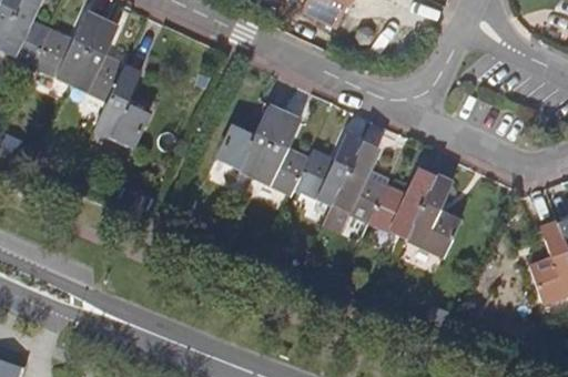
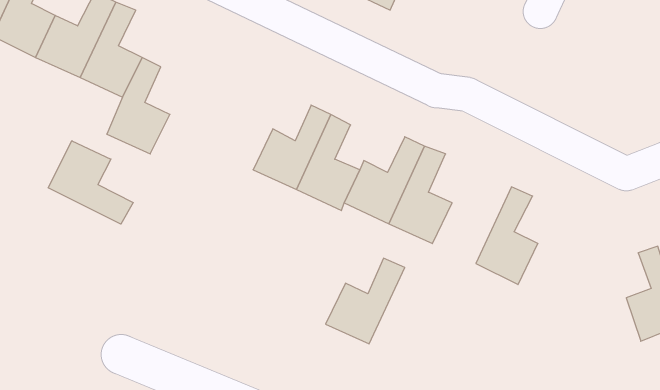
building: none -> [48,141,133,224]
building: [369,166,436,238] -> [326,258,405,344]

